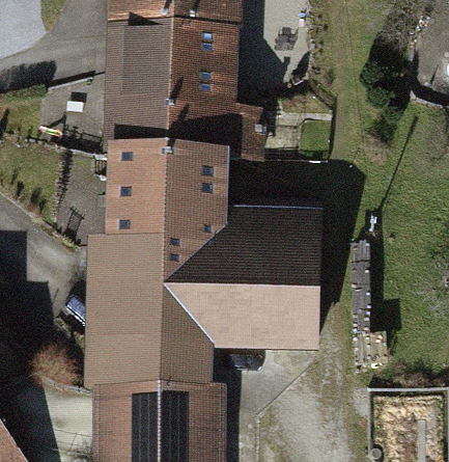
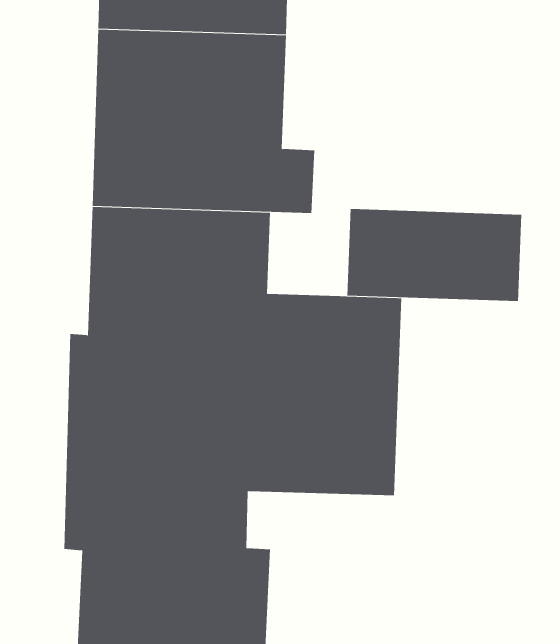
building: none -> [347,208,522,302]

